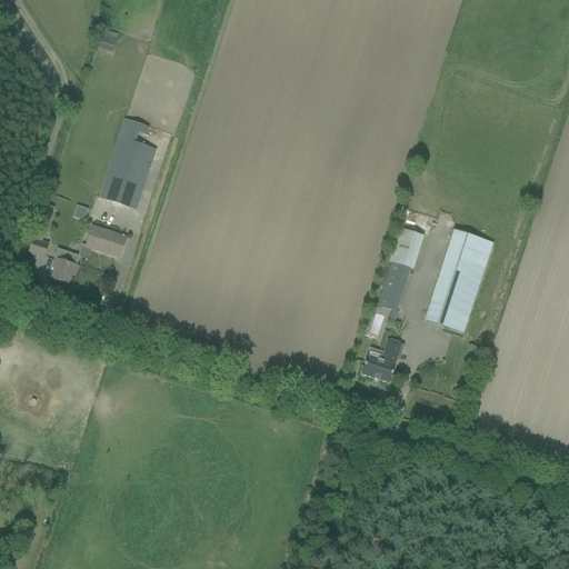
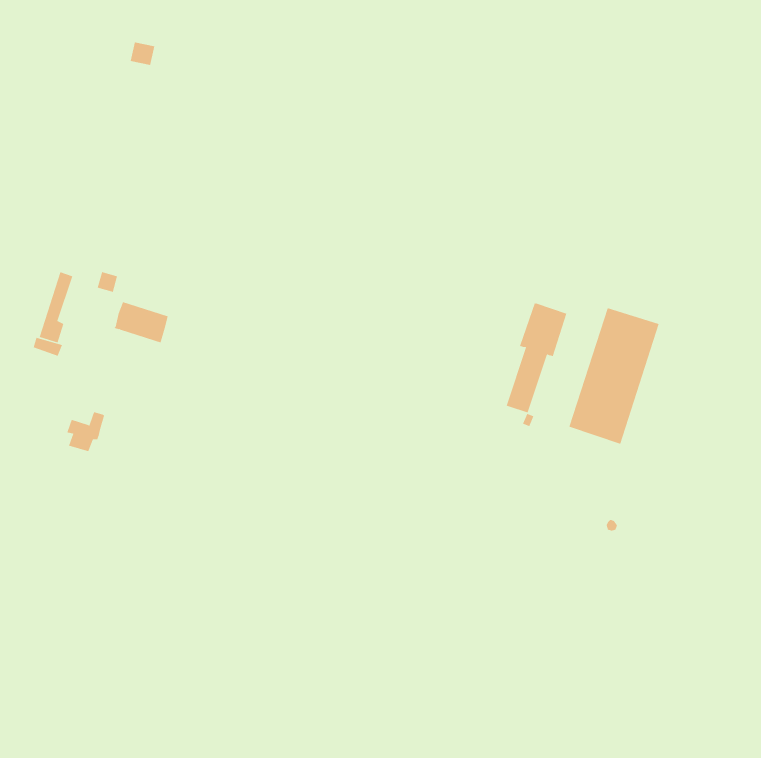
building: [99,117,157,208] -> none
building: [51,251,80,281] -> [67,412,105,452]
building: [362,338,403,381] -> none

